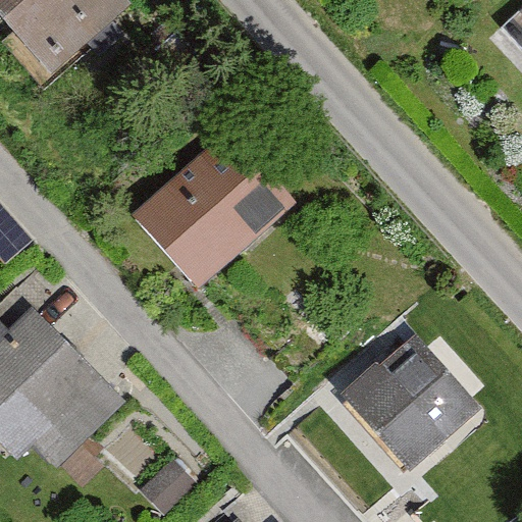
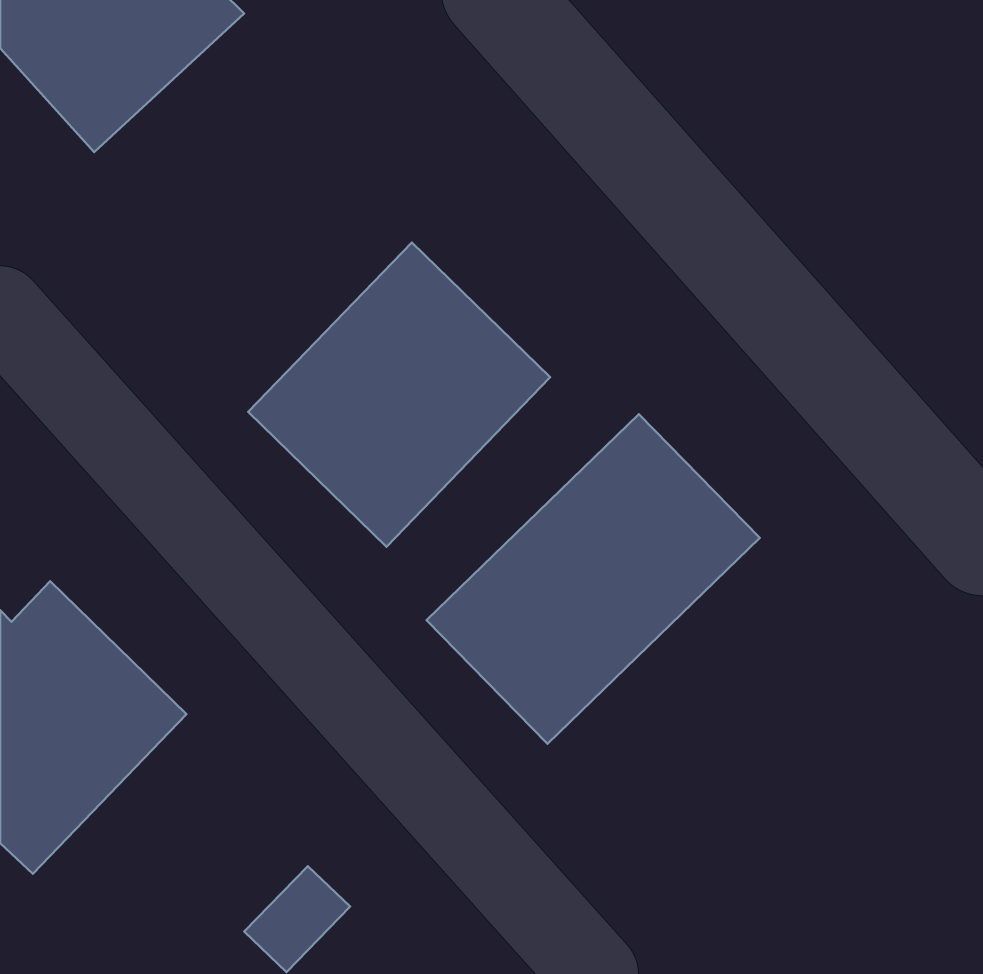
building: none -> [426,414,760,744]
building: [347,337,476,467] -> none

